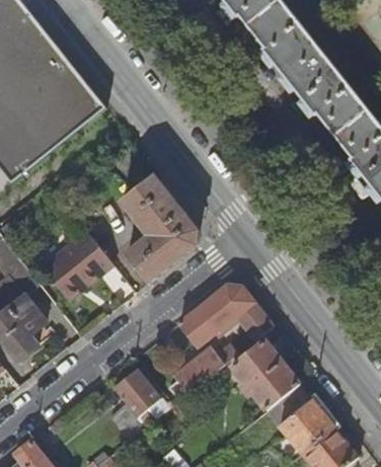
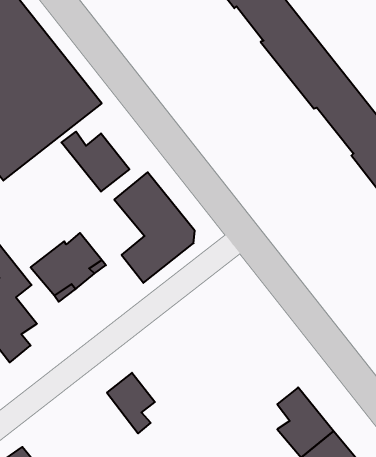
building: none -> [61,132,129,192]
building: [178,284,272,347] -> none
building: [231,339,298,409] -> none
building: [173,346,223,393] -> none

